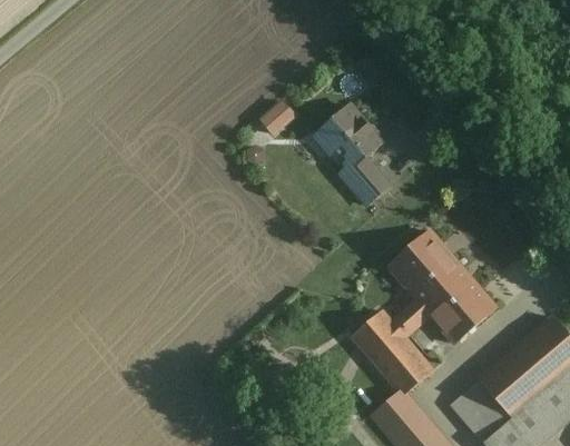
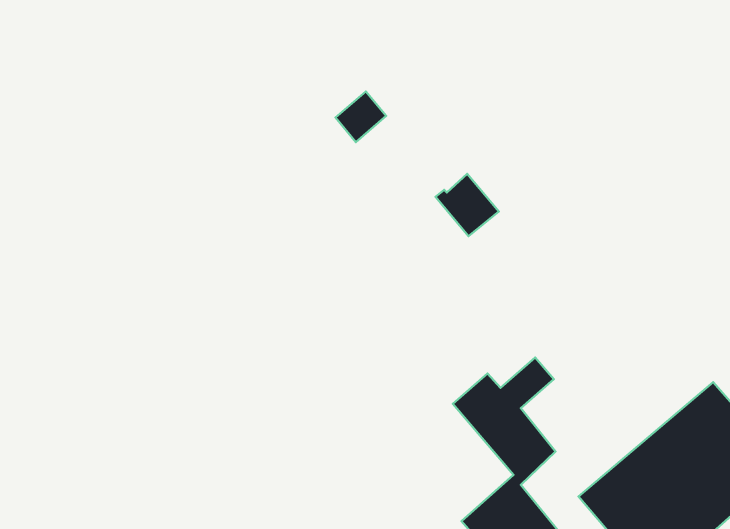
building: [321,106,383,171] -> none
building: [389,229,497,344] -> none

